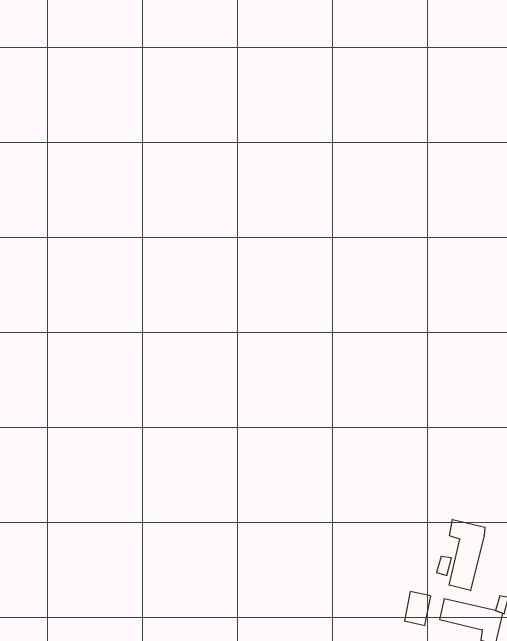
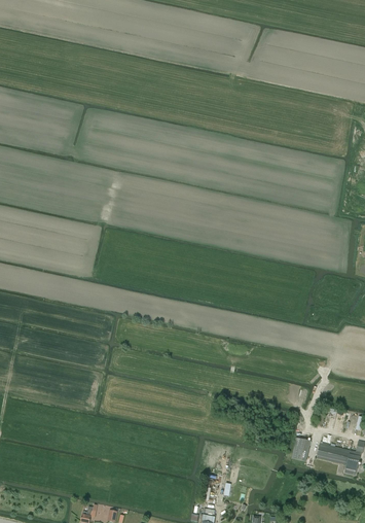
building: [449,519,485,591] -> none

